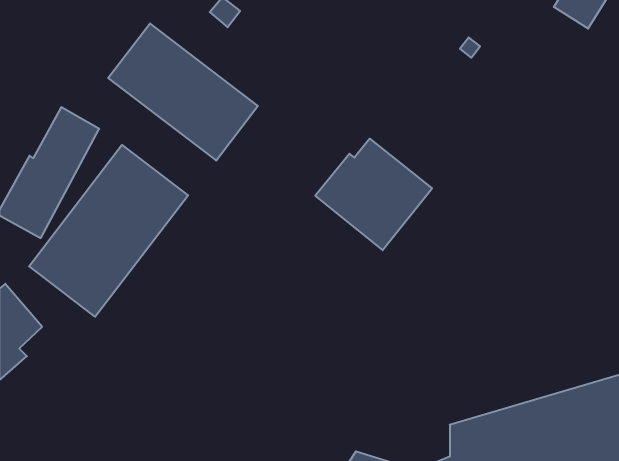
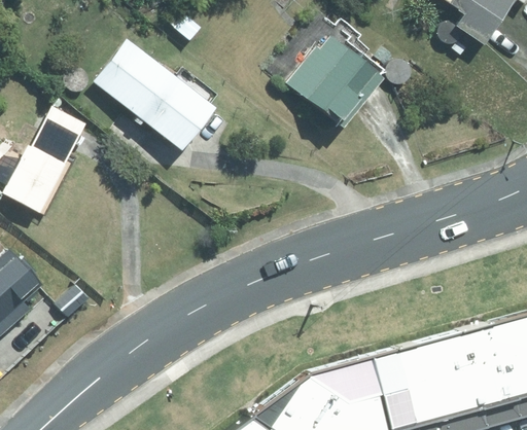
building: [315,139,432,250] -> [286,34,381,124]
building: [29,145,188,317] -> none

